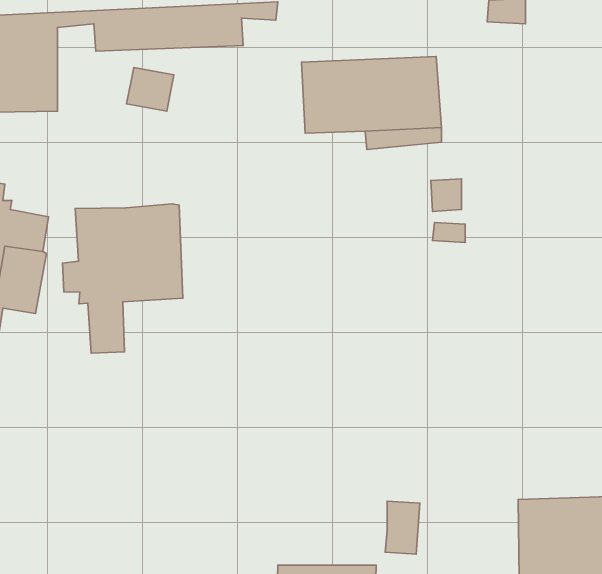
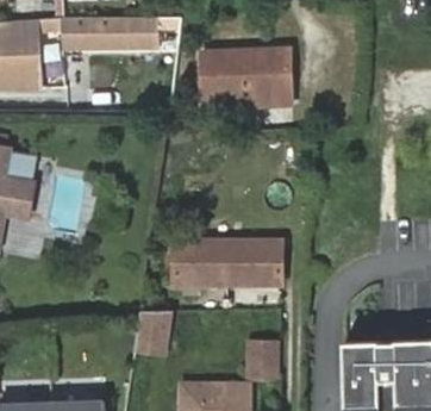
building: [62,204,183,353] -> none
building: none -> [176,235,283,286]
building: none -> [135,310,169,353]

